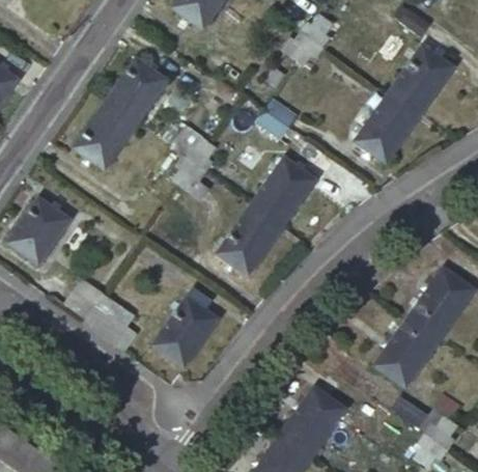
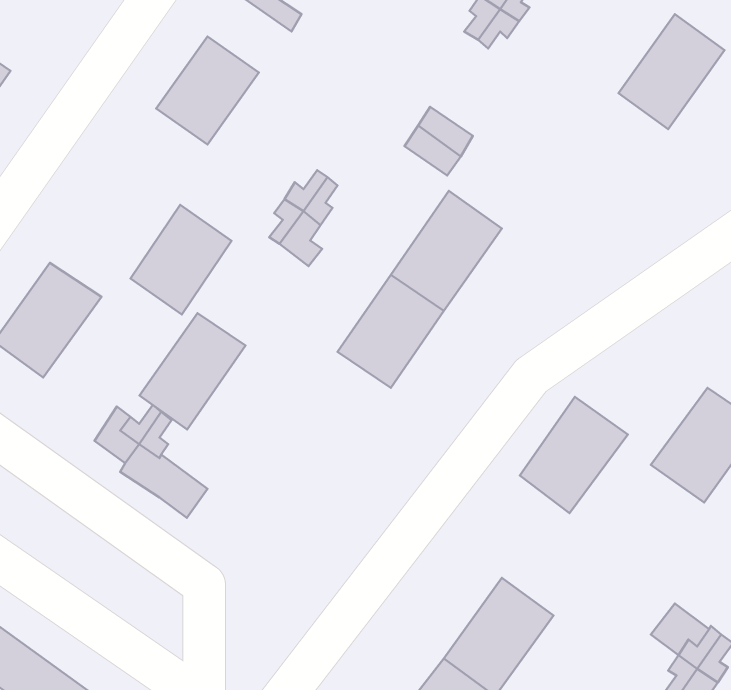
building: [352,94,416,163] -> none
building: [76,104,137,170] -> [130,205,231,314]
building: [152,298,217,368] -> [139,313,245,430]
building: [372,320,438,390] -> [520,397,628,513]

